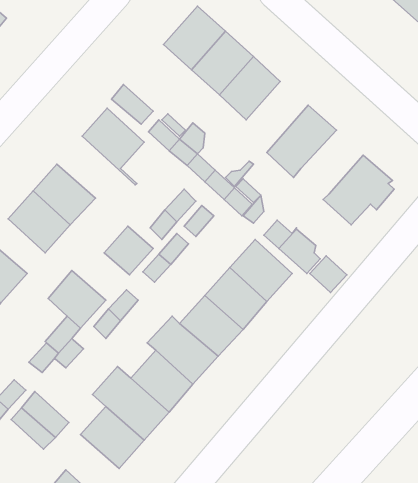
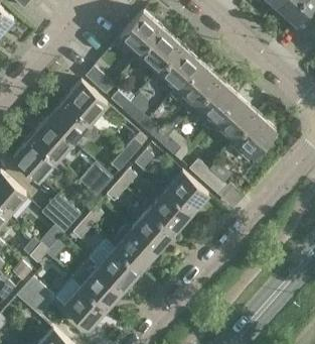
building: none -> [170,64,218,115]
building: none -> [213,97,256,140]
building: none -> [47,101,101,143]

